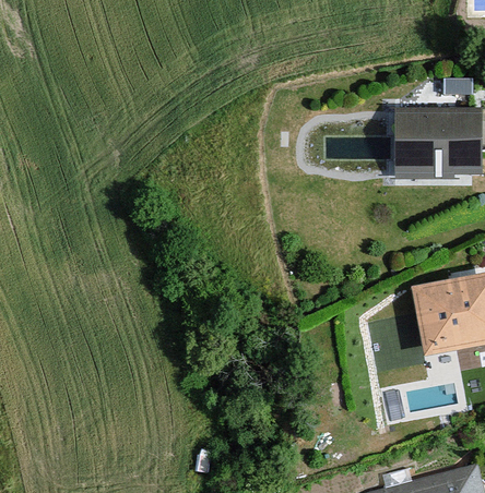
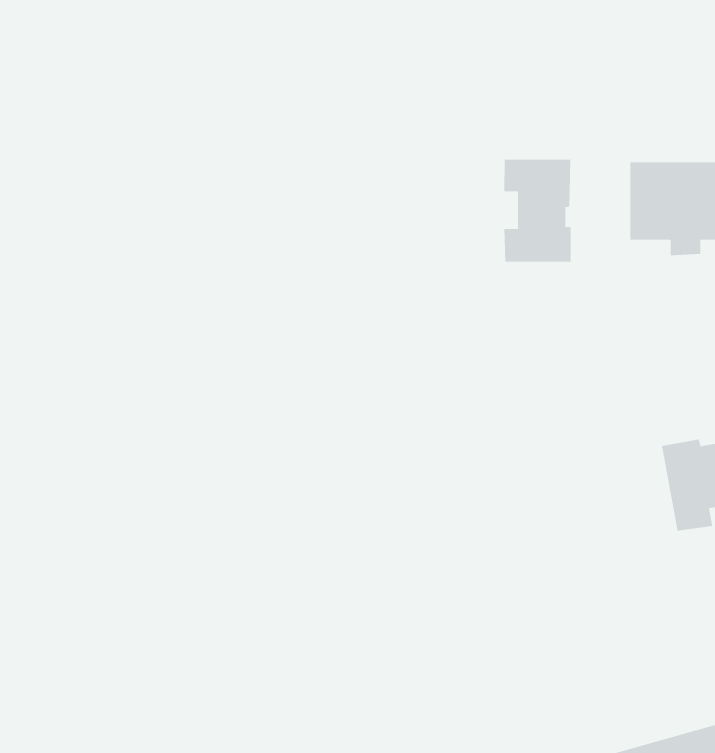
building: none -> [504,159,571,263]

